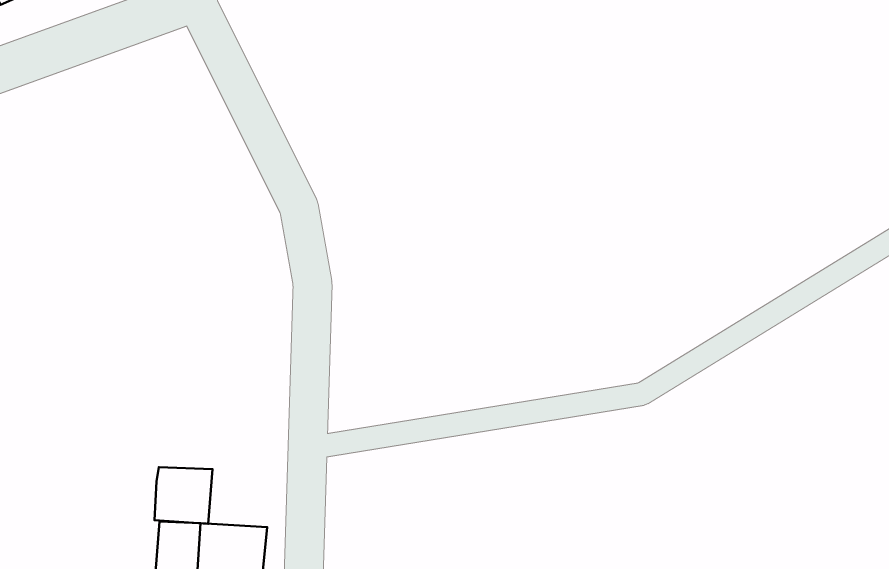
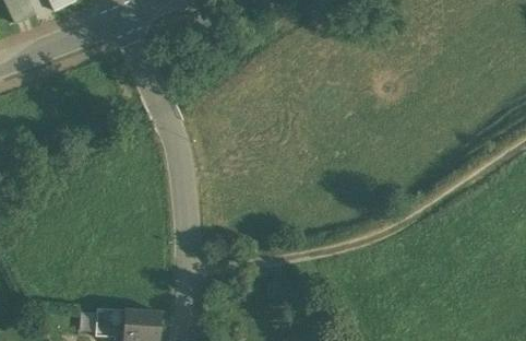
building: [155,467,212,524] -> none

